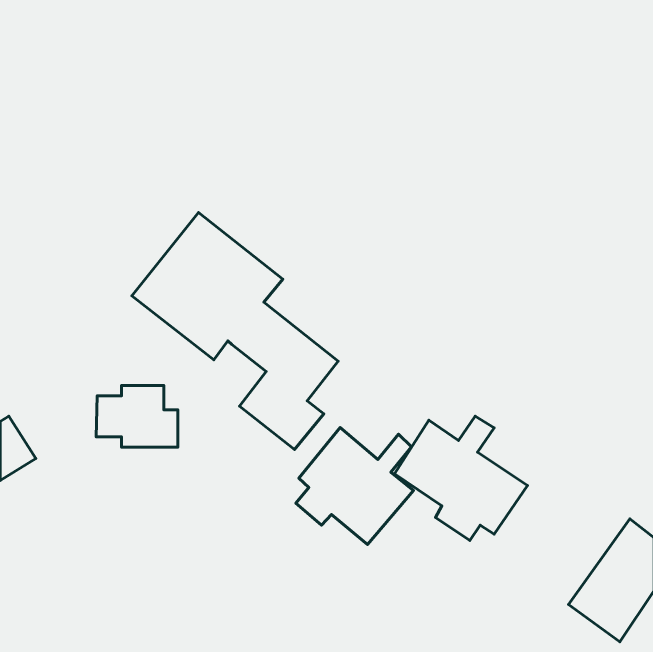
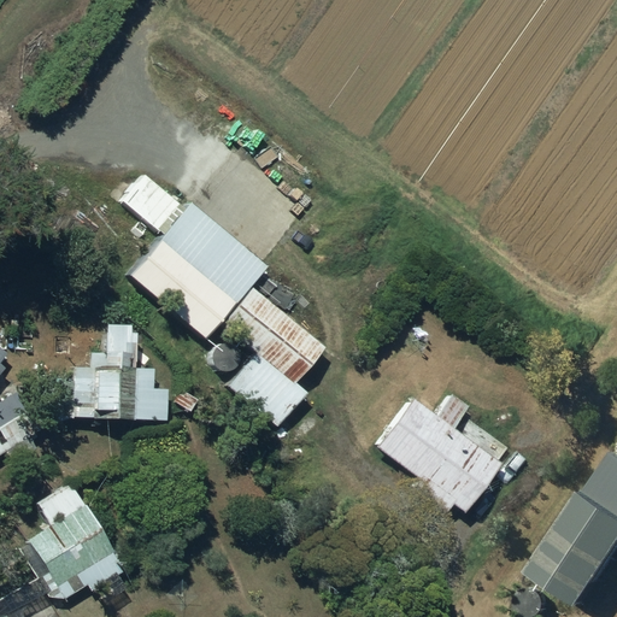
building: [296,428,414,544] -> none
building: none -> [29,482,123,604]

